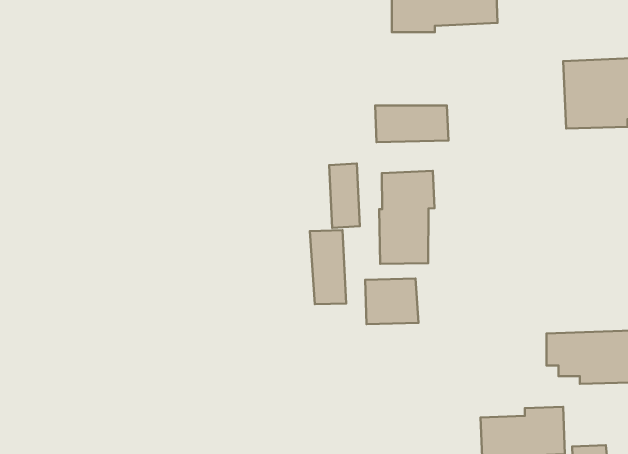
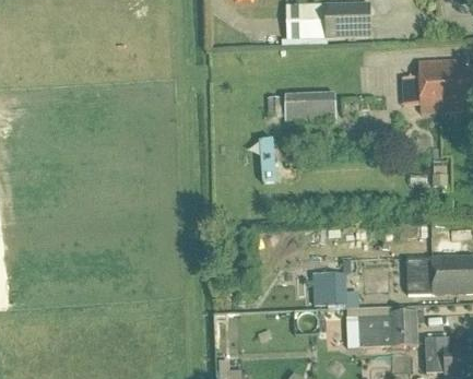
building: [379,171,435,264] -> none
building: [310,230,346,304] -> none
building: [365,278,419,324] -> [305,270,343,303]

